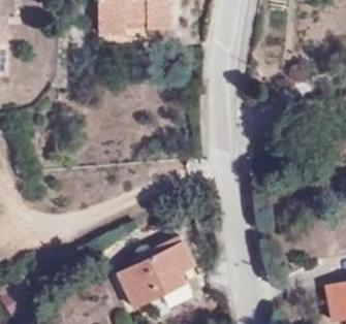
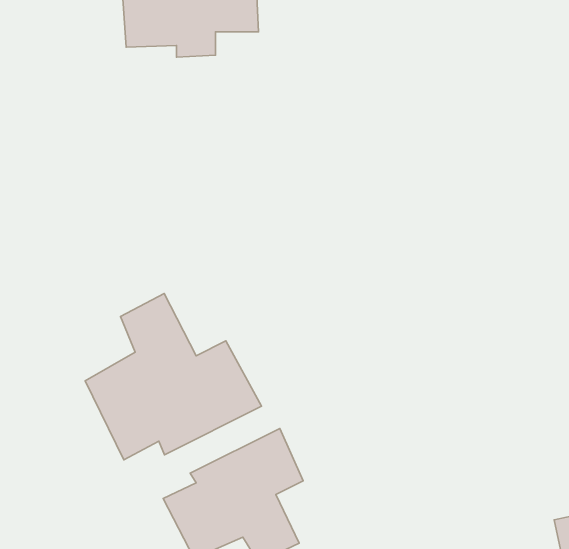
building: none -> [85,294,262,460]

